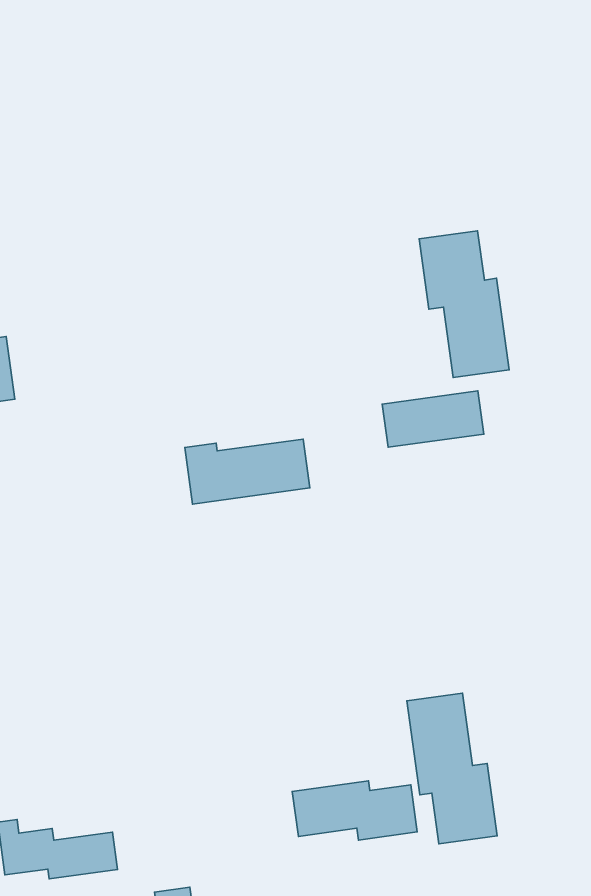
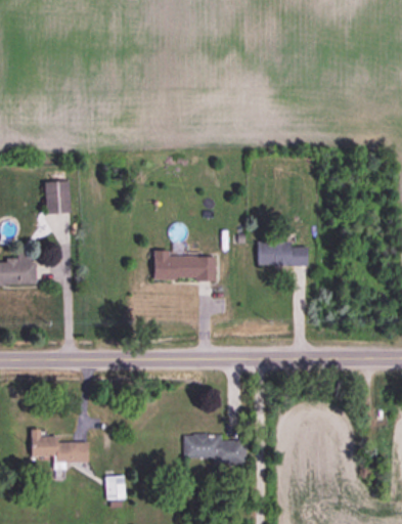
building: [419,231,509,378] -> none
building: [407,693,497,844] -> none

